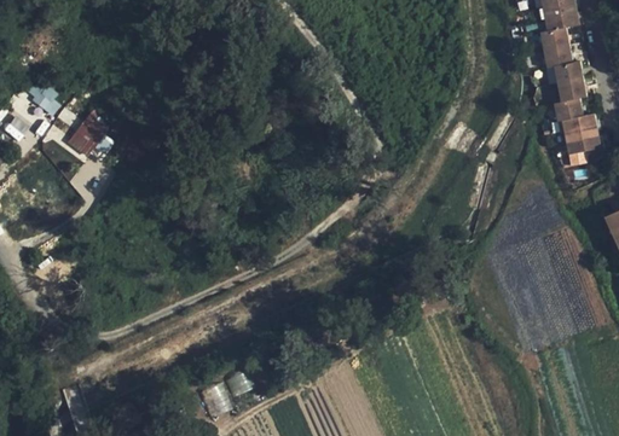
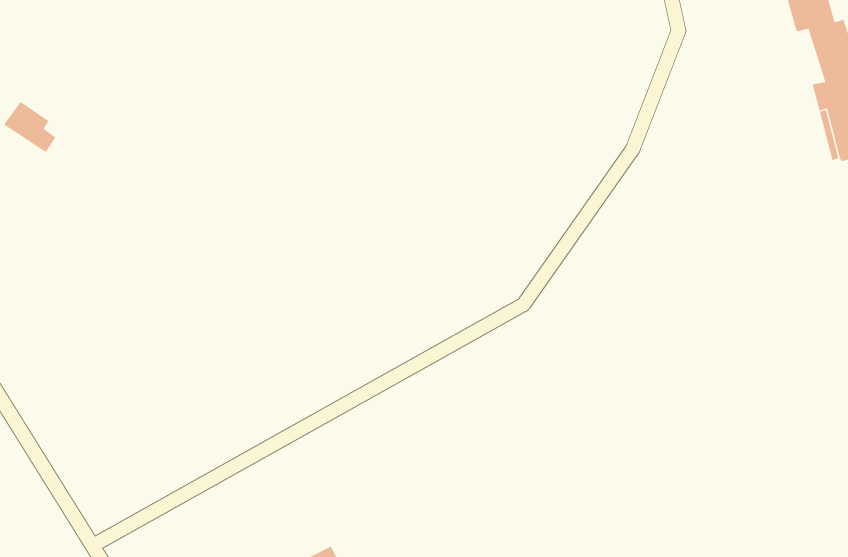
building: [68,110,111,153] -> none

